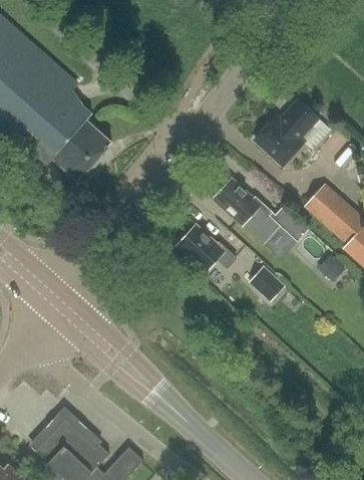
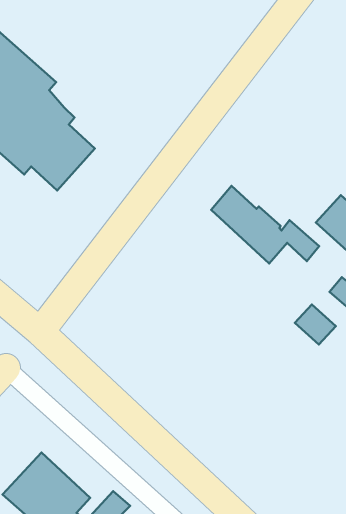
building: [257,99,319,163] -> none
building: [177,223,238,270] -> none
building: [249,267,285,302] -> [295,305,336,344]

